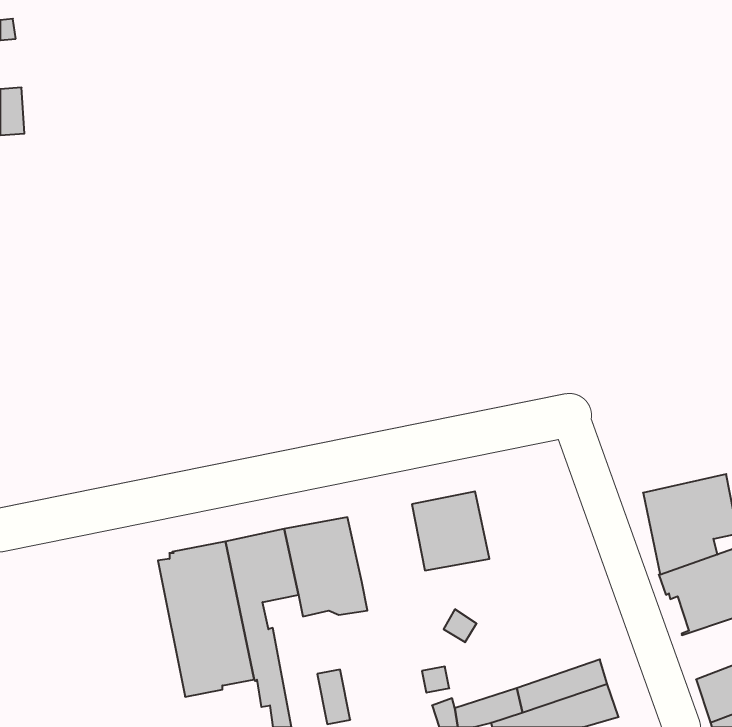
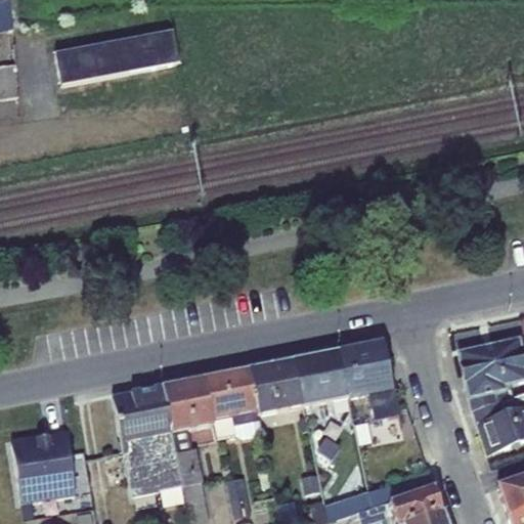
building: none -> [54,28,179,83]
building: none -> [340,342,400,420]
building: none -> [249,359,304,414]
building: none -> [11,430,75,503]

